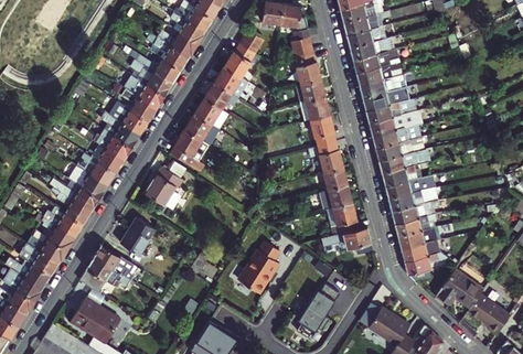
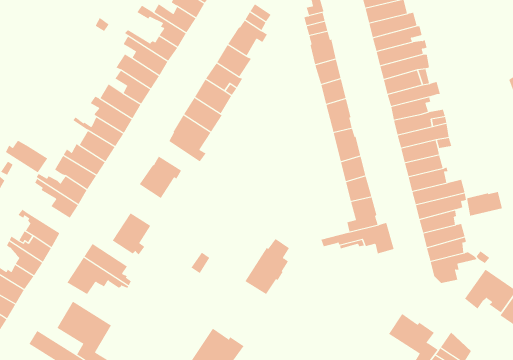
building: none -> [466,191,502,217]
building: [44,207,83,237] -> [5,140,48,173]
building: [297,285,340,339] -> none

